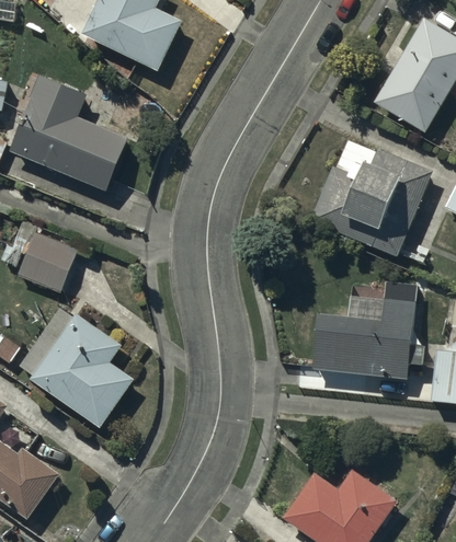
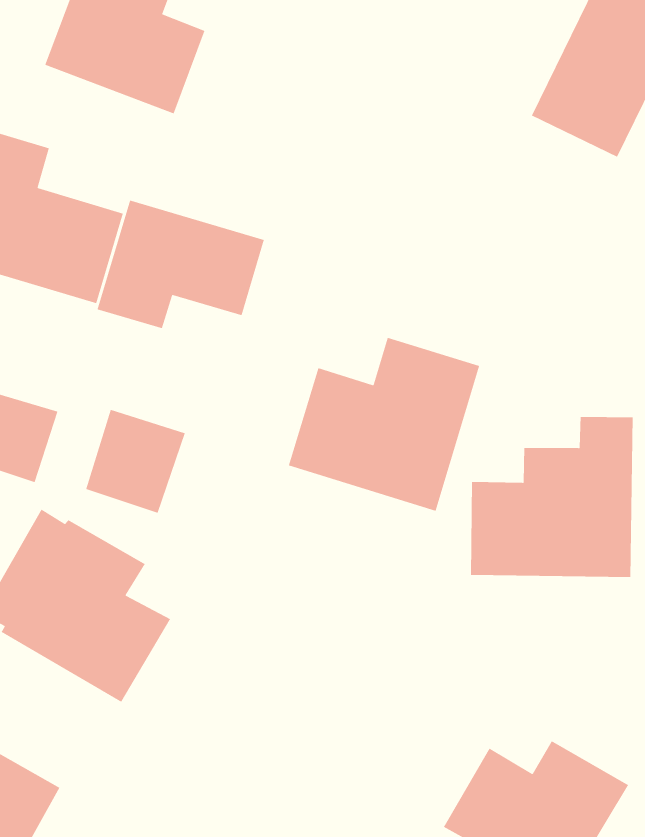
building: none -> [97,200,265,329]
building: [309,148,429,254] -> [288,337,480,512]
building: none -> [85,409,186,514]

